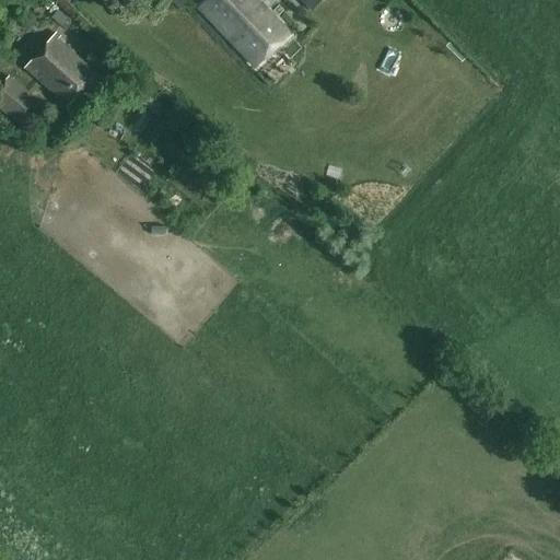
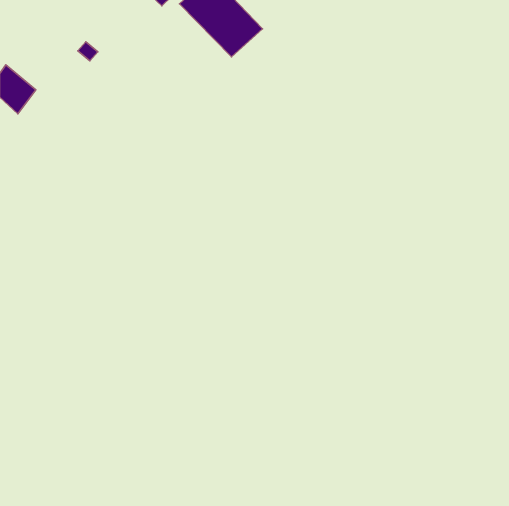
building: [23,33,94,103] -> none

